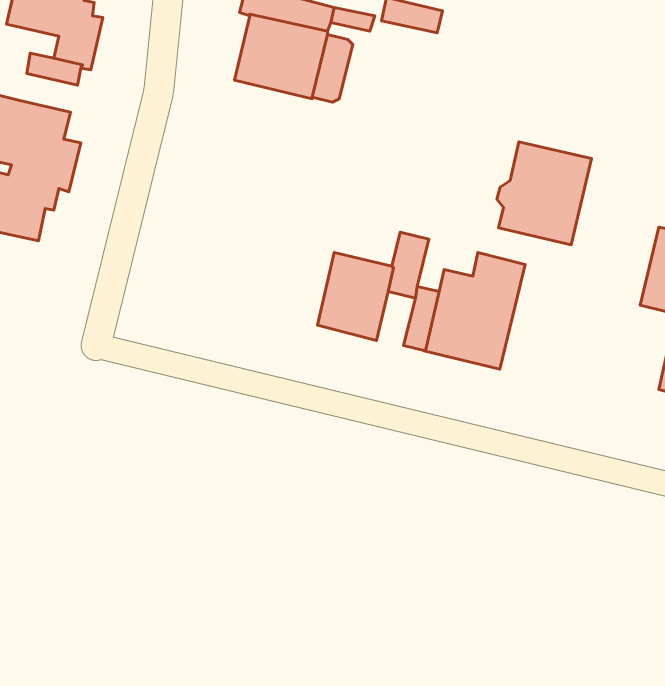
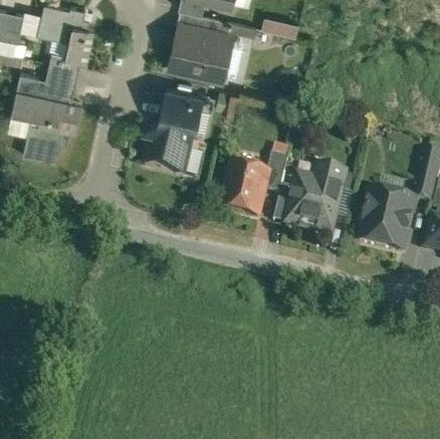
building: none -> [45,59,79,82]
building: none -> [144,87,213,175]
building: [497,142,591,245] -> [358,191,414,252]

